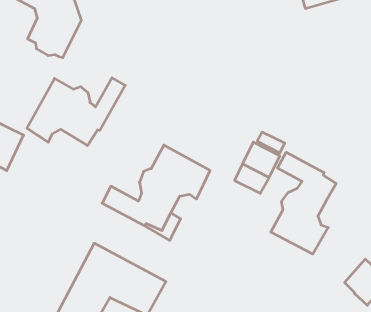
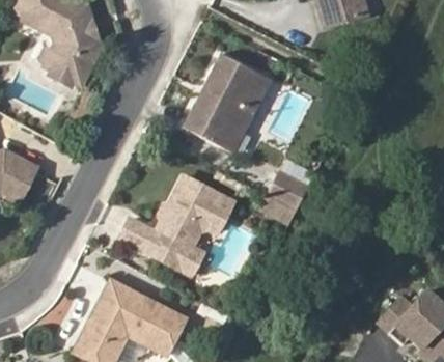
building: none -> [185,54,272,151]
building: [27,78,125,146] -> none
building: [271,152,336,254] -> none

